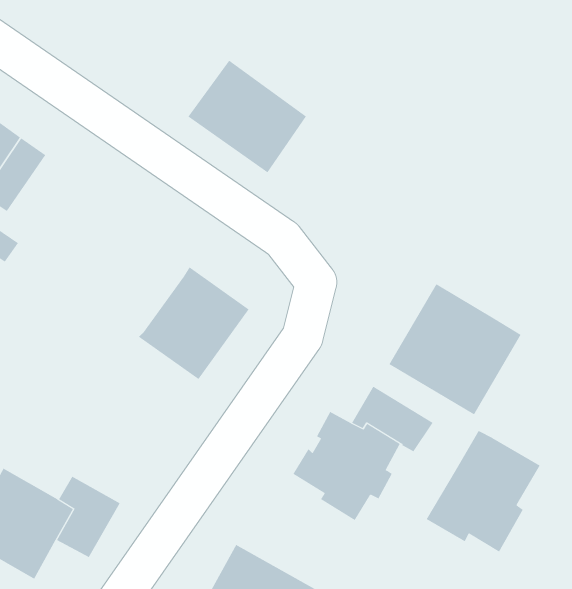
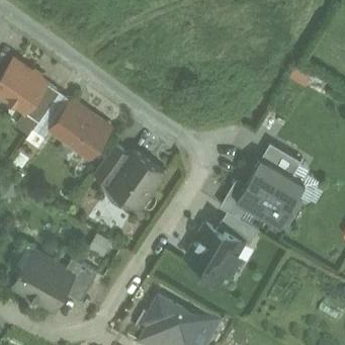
building: [188,60,307,173] -> [49,99,110,158]
building: none -> [261,143,300,176]
building: none -> [93,144,130,183]
building: [426,430,541,552] -> none

